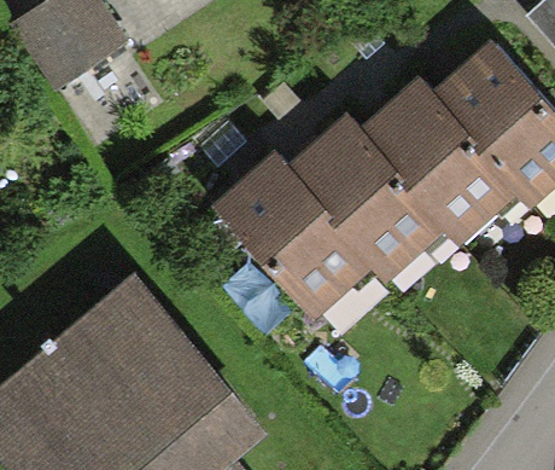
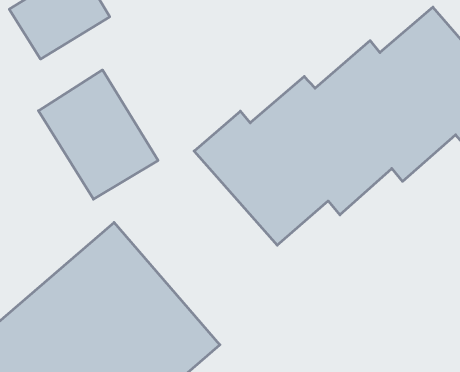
building: none -> [38,70,158,199]

